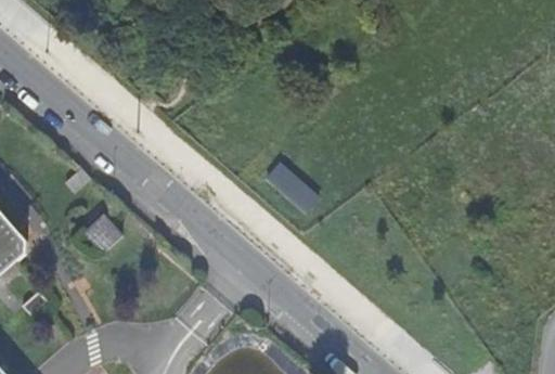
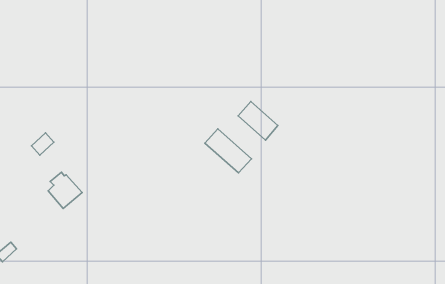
building: none -> [238,101,278,140]

